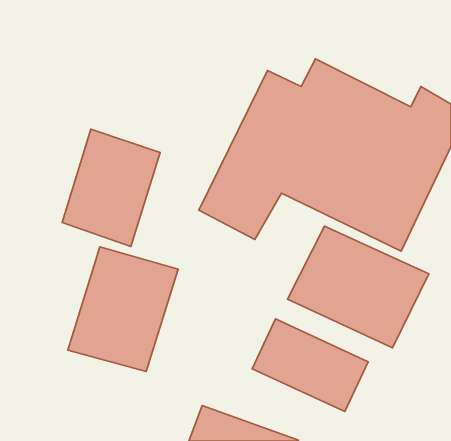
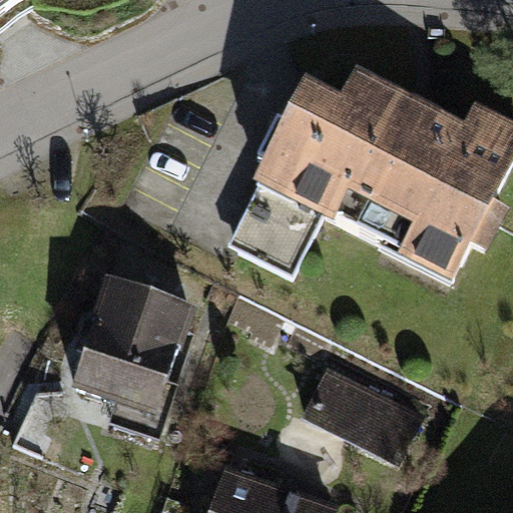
building: [62,129,160,246] -> none
building: [287,226,429,348] -> none

